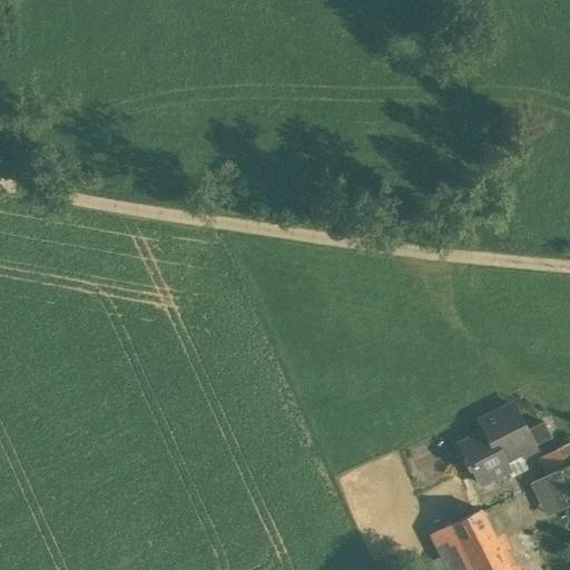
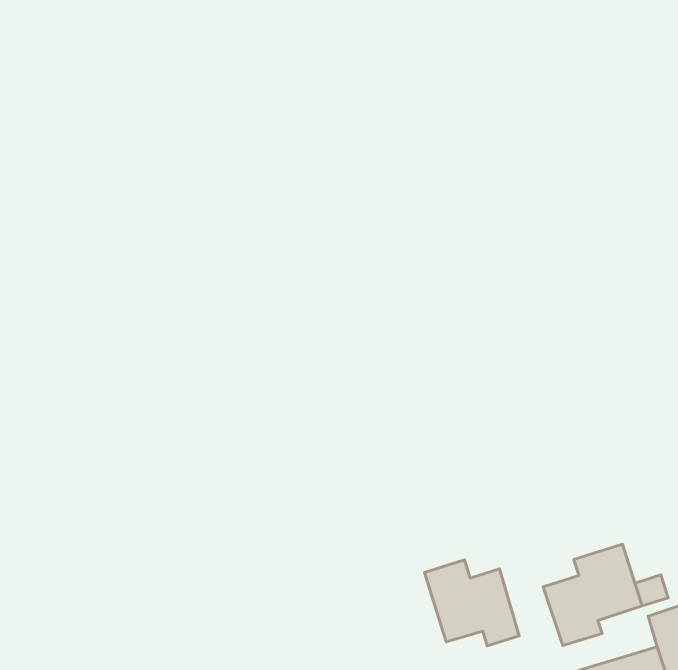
building: none -> [424,560,519,646]

